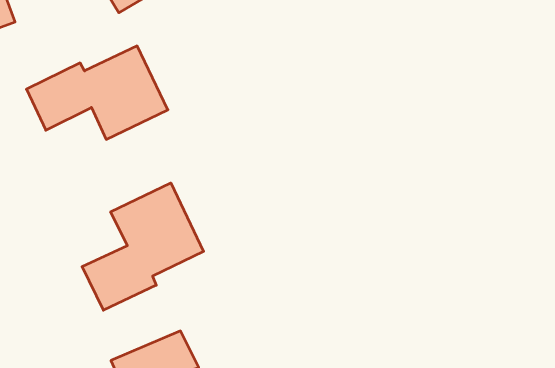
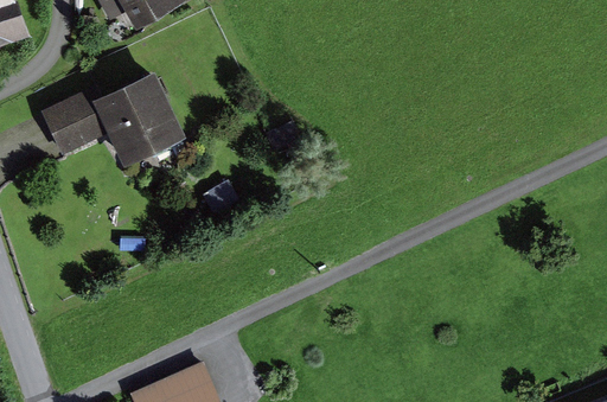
building: [82,183,204,310] -> none

